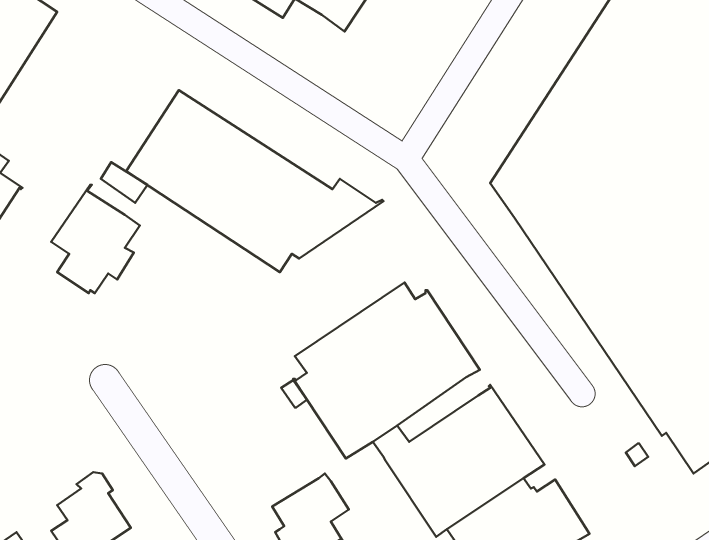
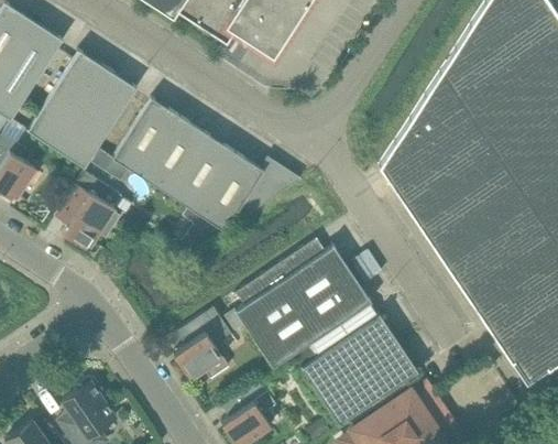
building: none -> [28,51,138,167]
building: none -> [174,307,232,378]

